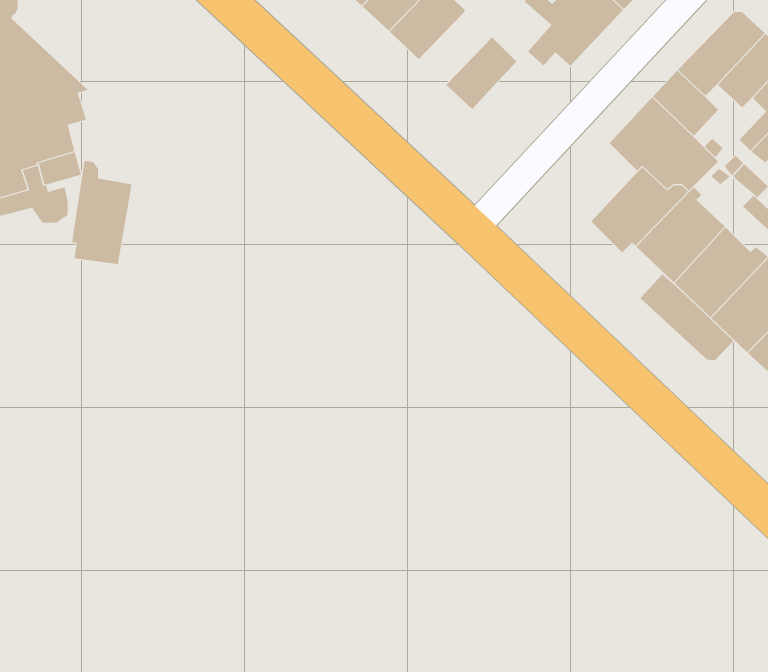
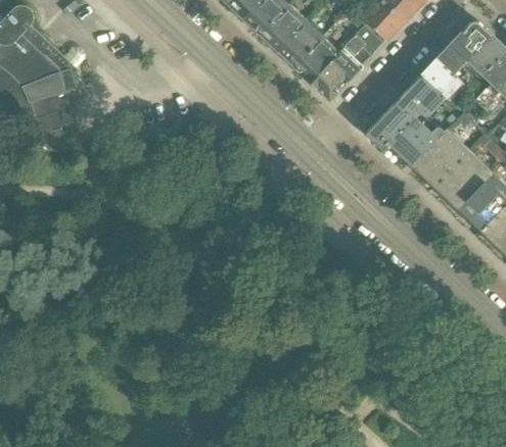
building: none -> [279,19,324,64]
building: none -> [312,48,360,98]
building: none -> [366,100,413,148]
building: [71,160,132,265] -> none
building: [639,273,734,361] -> none

